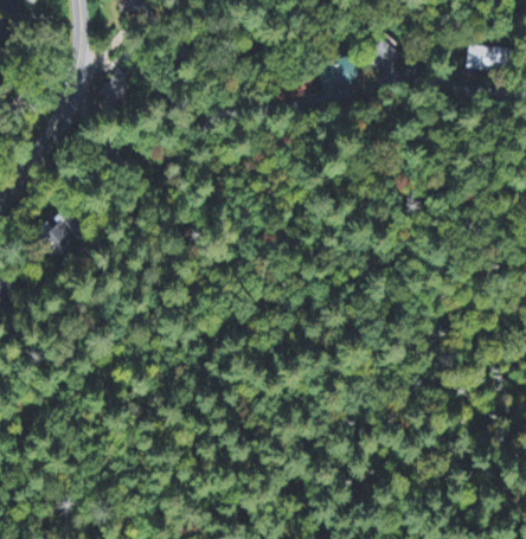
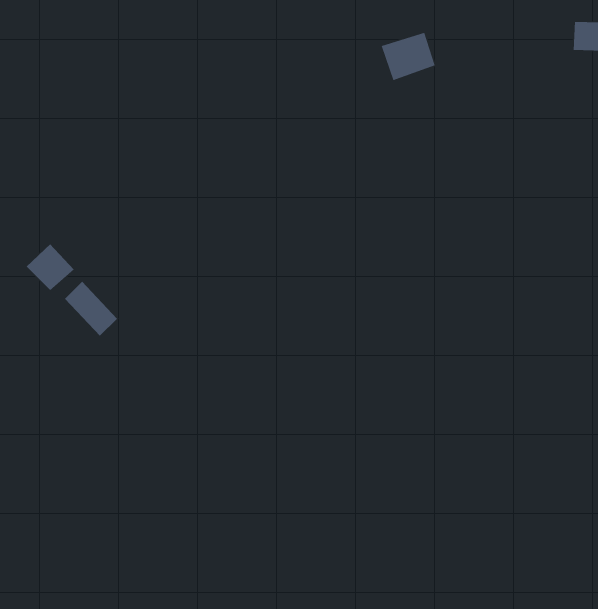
building: [366,37,398,70] -> none
building: none -> [64,281,118,337]

